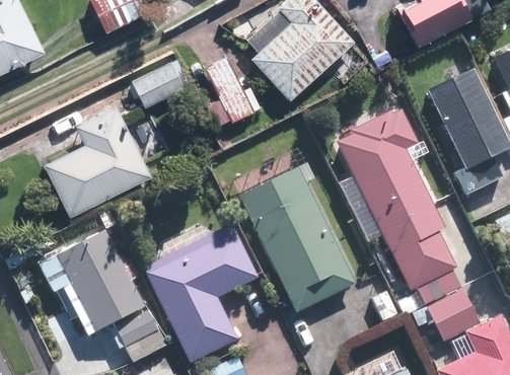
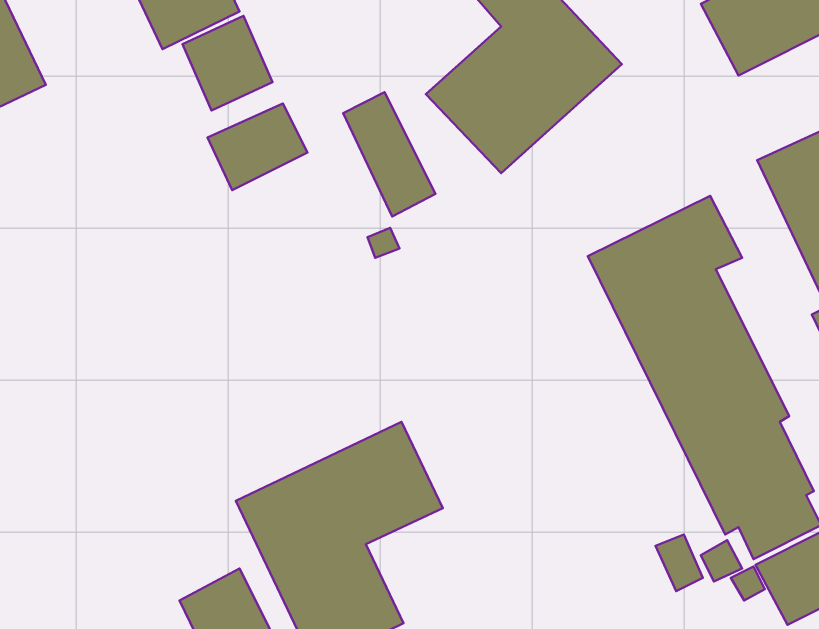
building: none -> [182,16,273,111]
building: [43,101,150,213] -> none
building: [239,167,355,312] -> none
building: [55,229,144,332] -> none

